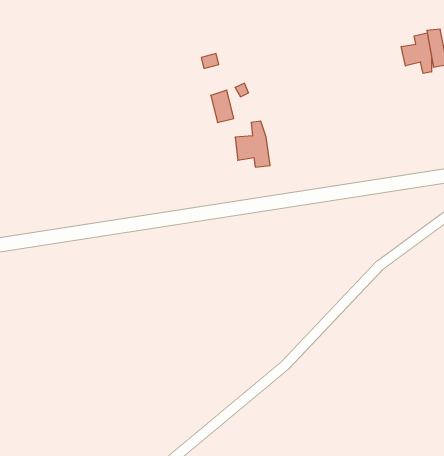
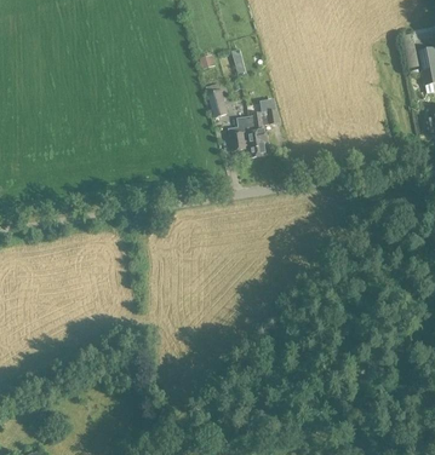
building: [401,33,432,73] -> none
building: none -> [251,109,277,155]

